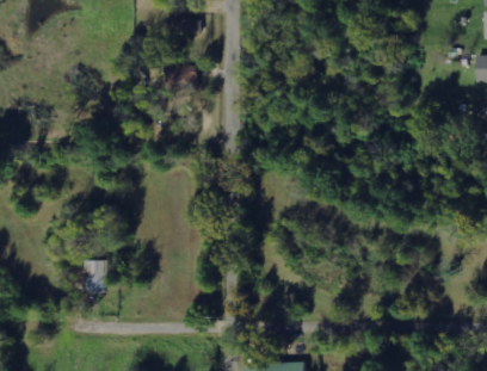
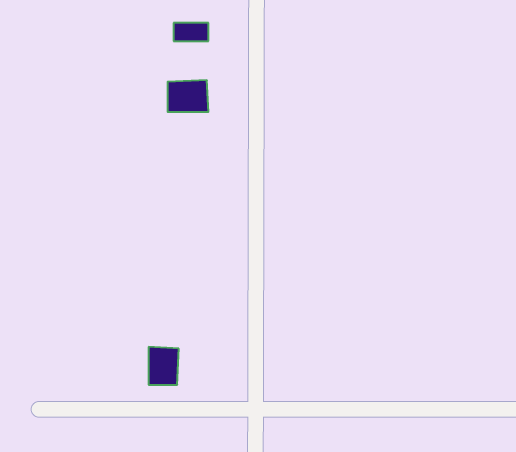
building: [86,260,110,290] -> [149,347,179,385]

